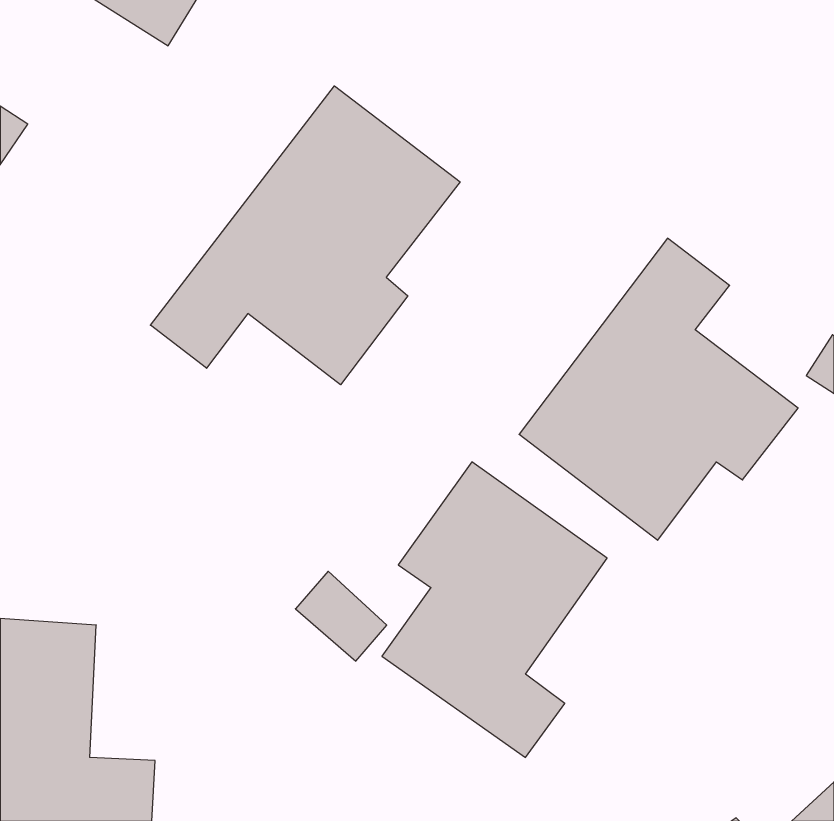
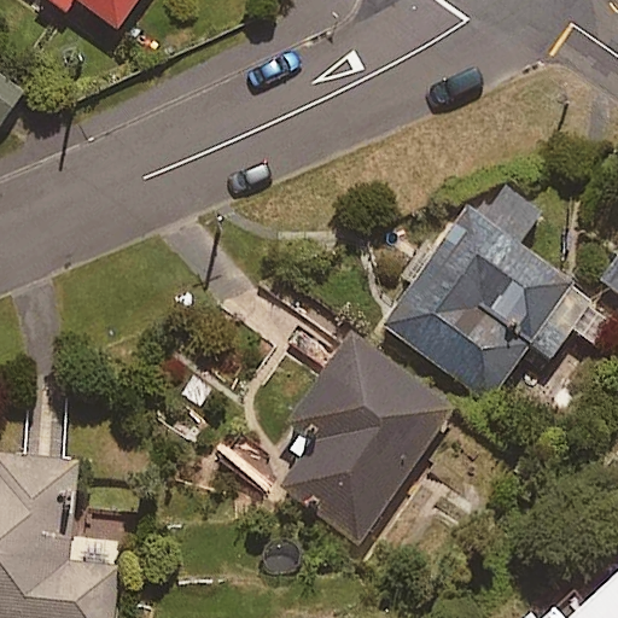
building: [150,86,460,385] -> none

